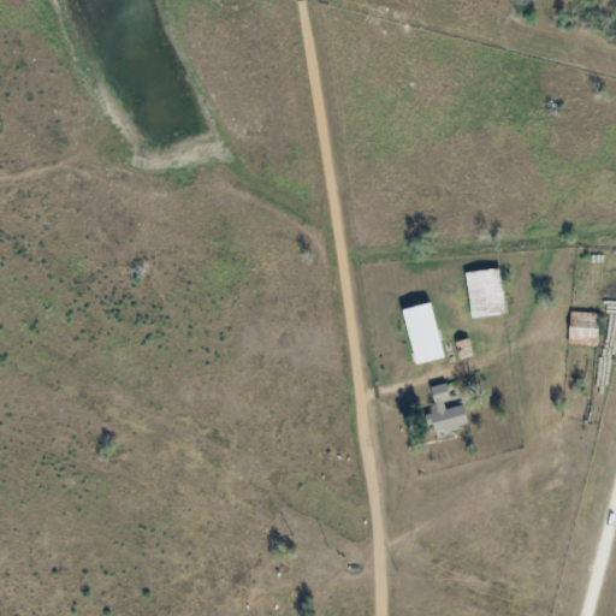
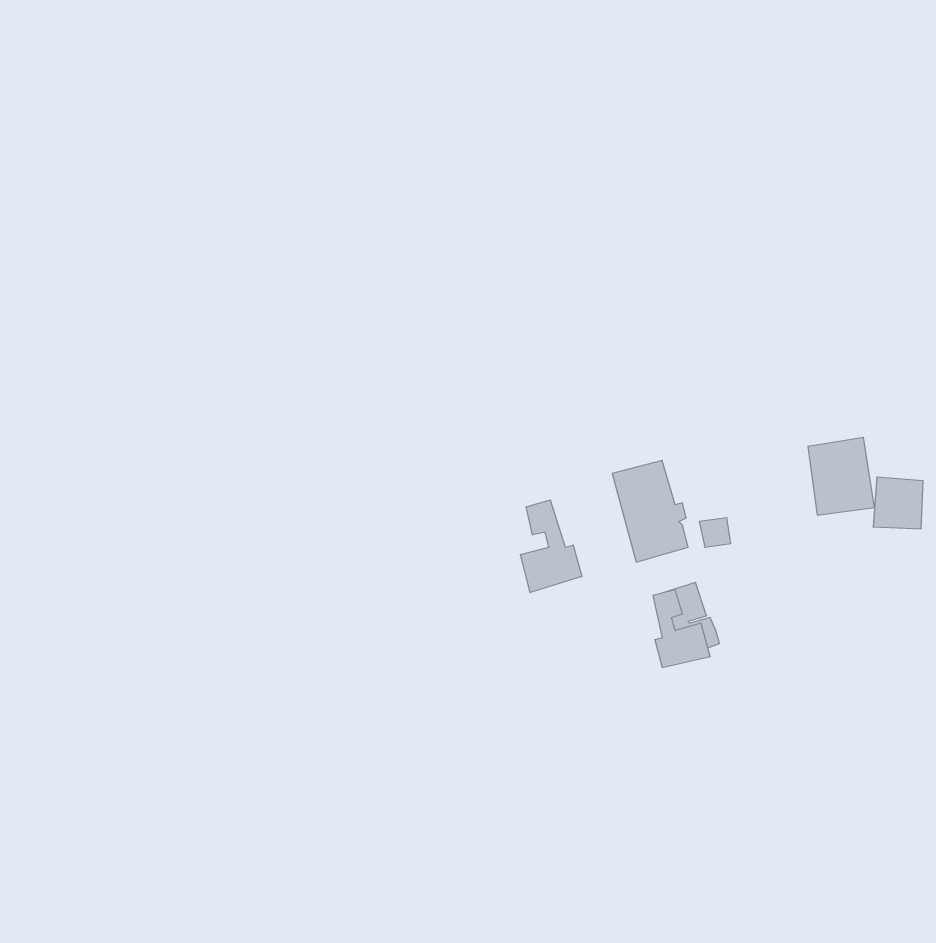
building: [464,266,508,316] -> [808,437,875,515]
building: none -> [520,500,582,593]

